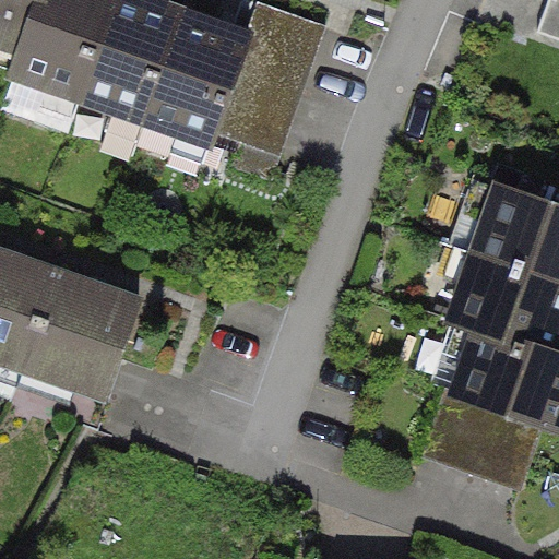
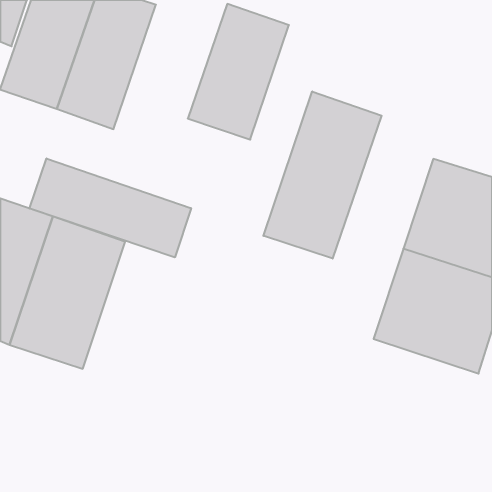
building: [129,5,241,168] -> none
building: none -> [263,91,382,259]
building: none -> [29,158,191,257]

